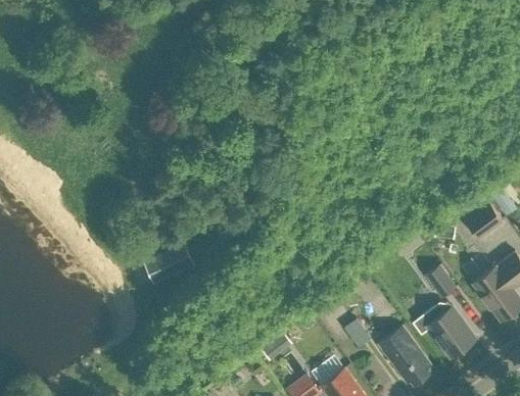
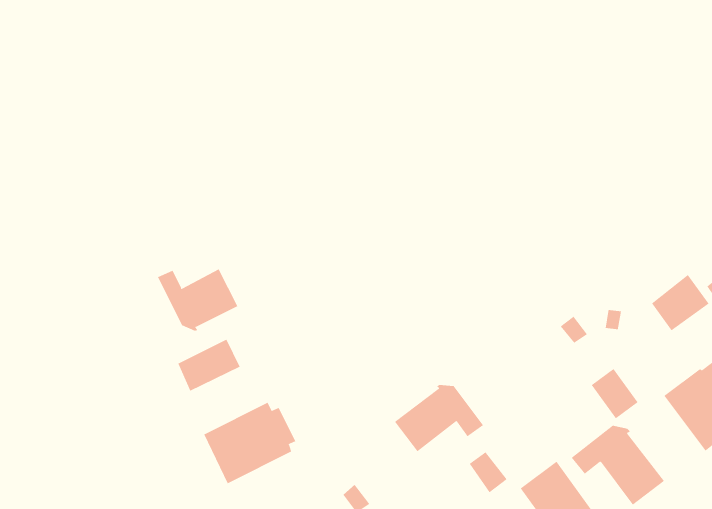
building: none -> [157,269,238,331]
building: none -> [394,384,484,452]
building: none -> [204,402,296,484]

